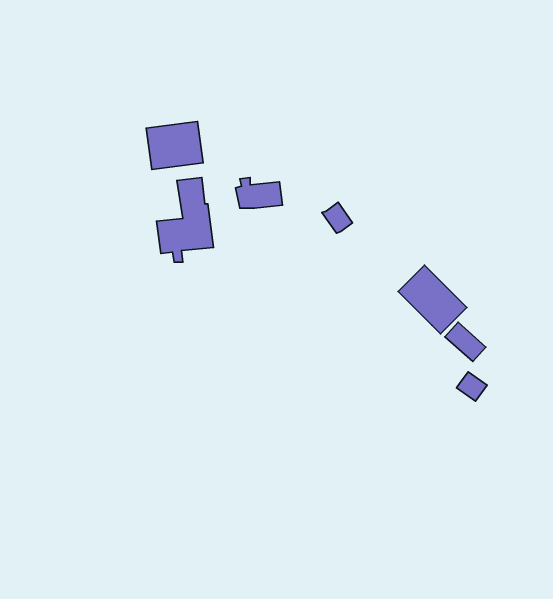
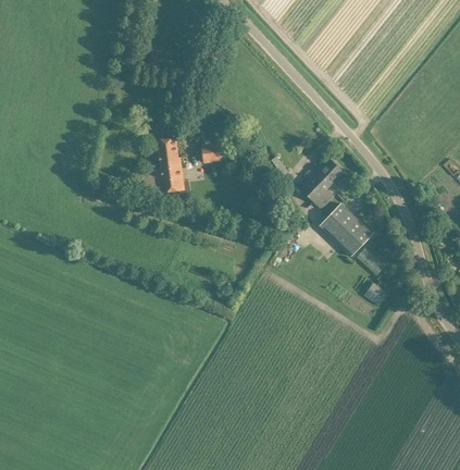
building: [146,121,203,170] -> none
building: none -> [302,160,345,210]

